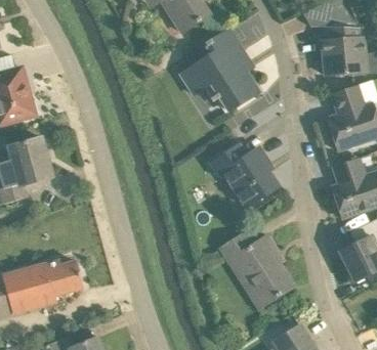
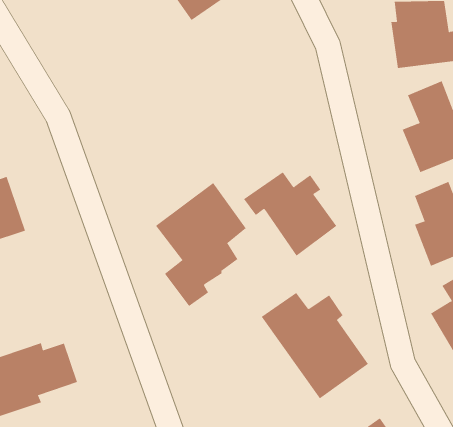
building: [178,28,258,111] -> none
building: none -> [155,182,247,307]

